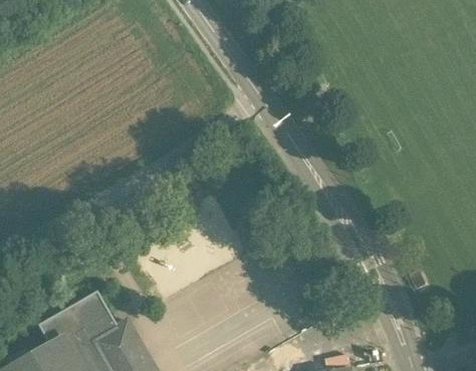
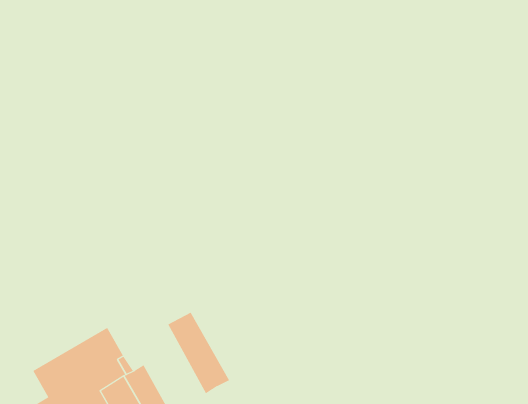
building: none -> [168,312,230,394]

